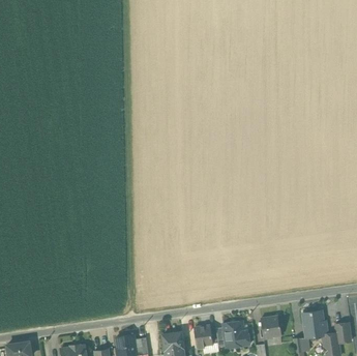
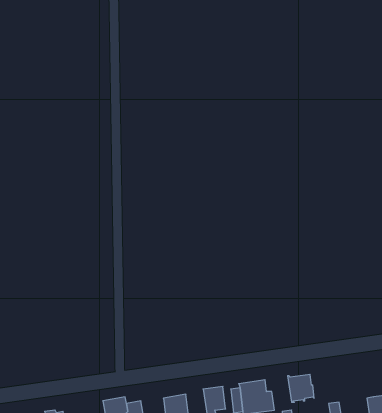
building: [303,310,328,337] -> none

